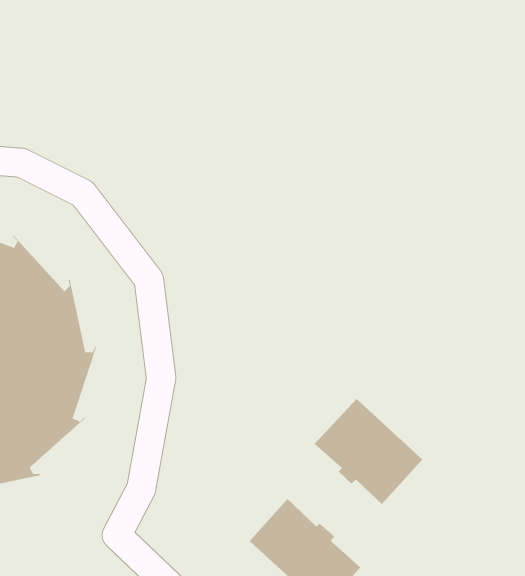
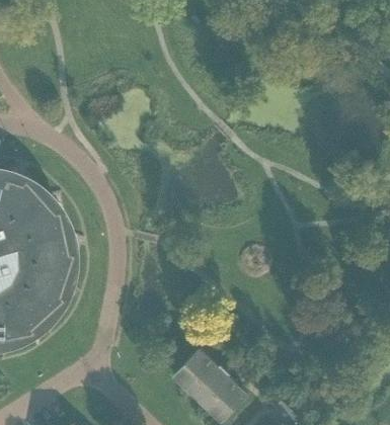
building: [314,398,423,505] -> none

